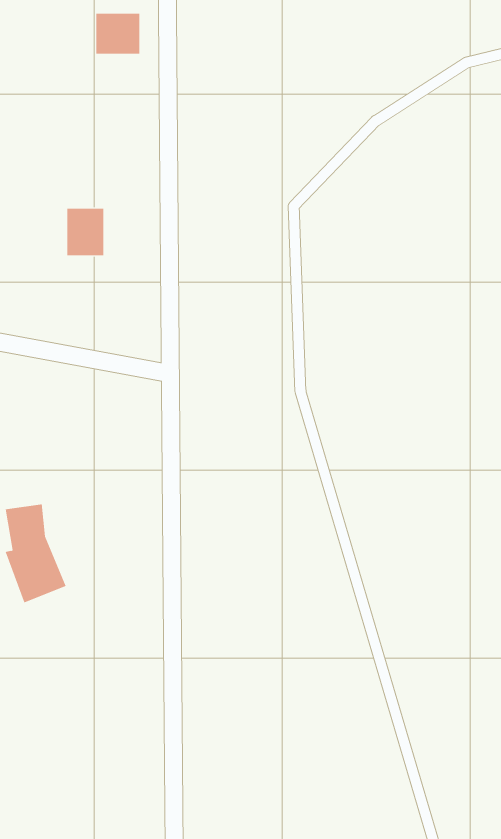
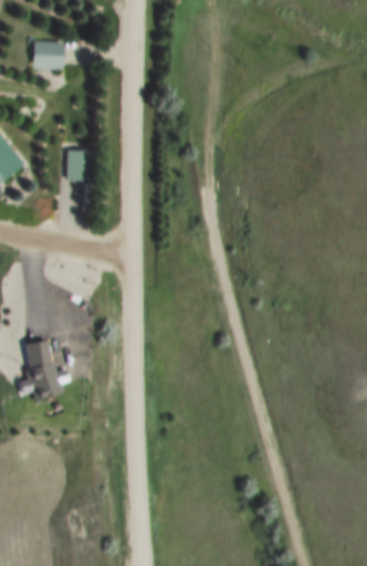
building: [96,13,140,54] -> [31,41,60,67]

